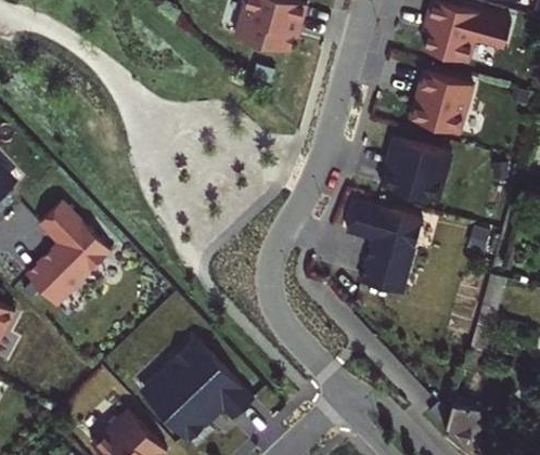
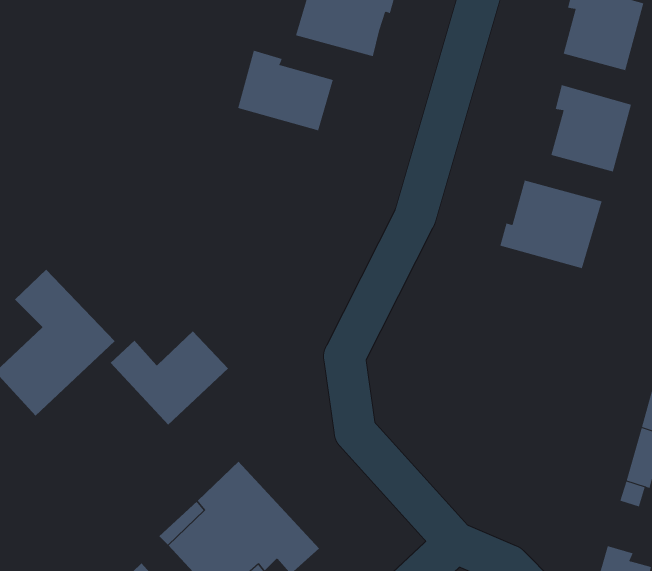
building: none -> [238,50,333,131]
building: [346,200,423,294] -> none
building: none -> [110,331,229,426]

